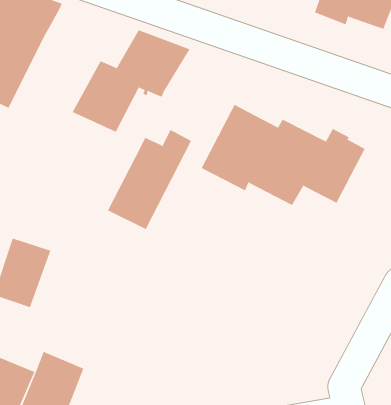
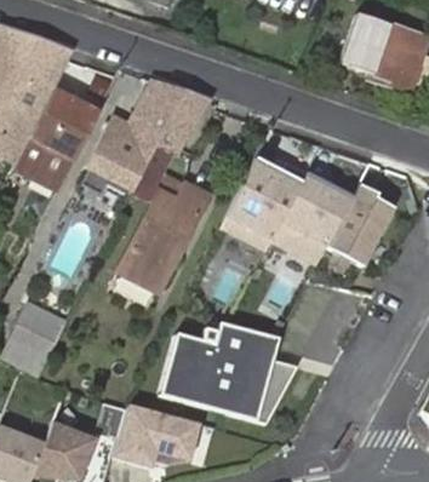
building: none -> [17,87,99,185]
building: none -> [133,163,188,202]
building: none -> [156,321,293,421]
building: none -> [114,402,200,465]

